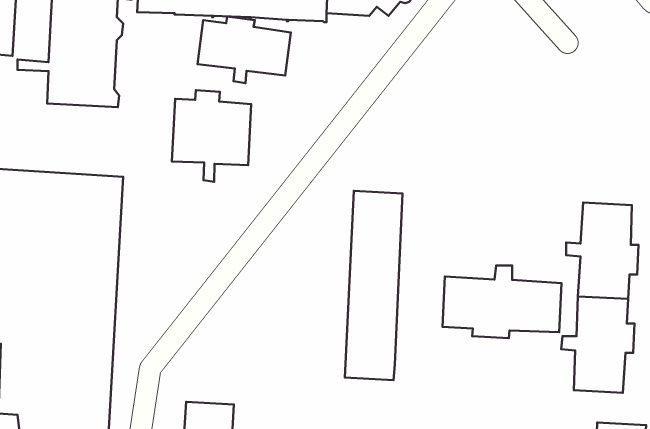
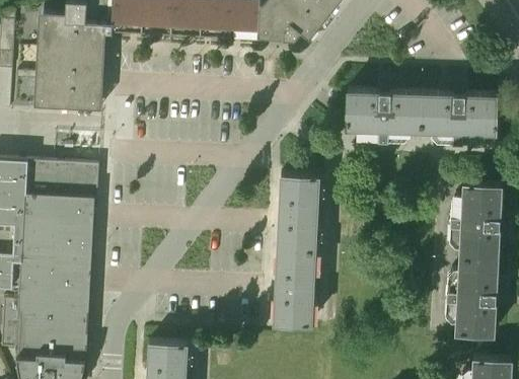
building: [197,16,291,83] -> none
building: none -> [346,85,495,144]
building: [172,90,251,182] -> none
building: [443,266,561,338] -> none

